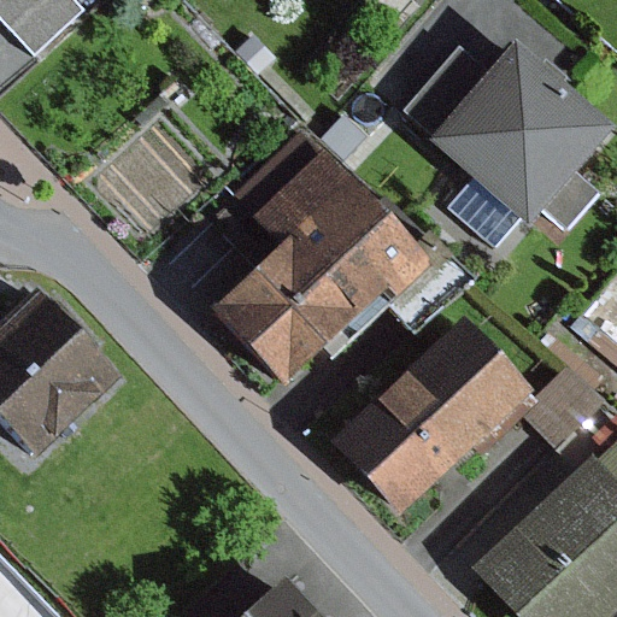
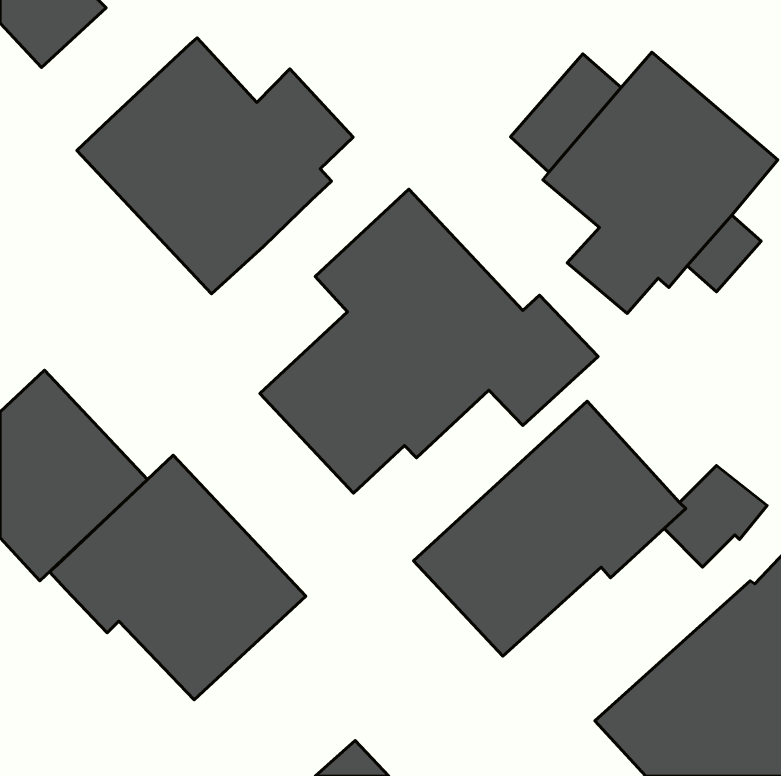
building: none -> [77,38,353,294]
building: none -> [50,455,306,700]

